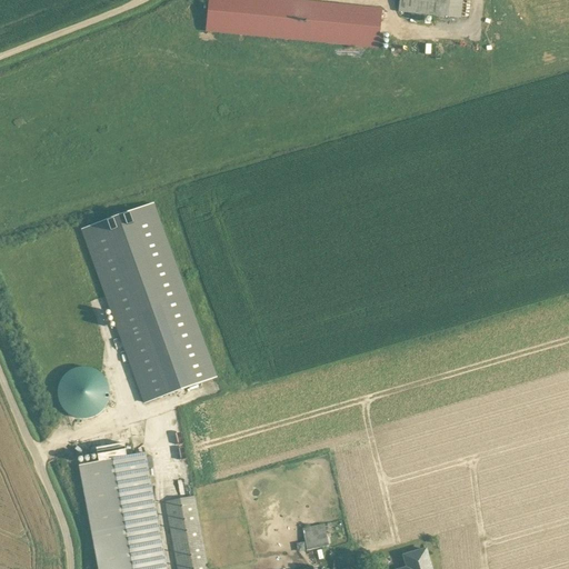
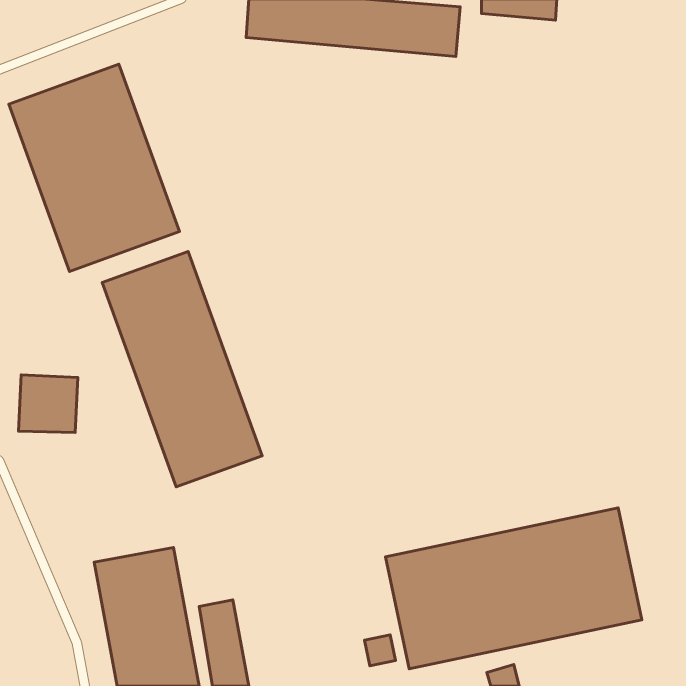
building: none -> [9,64,179,272]
building: [57,368,106,416] -> [19,375,78,433]
building: none -> [385,508,642,669]

